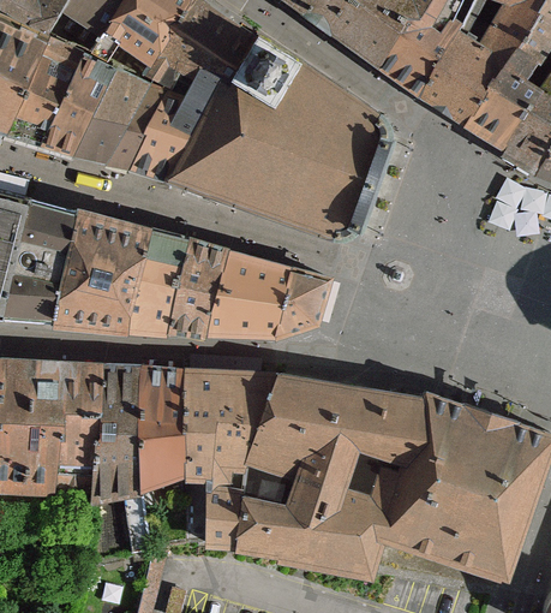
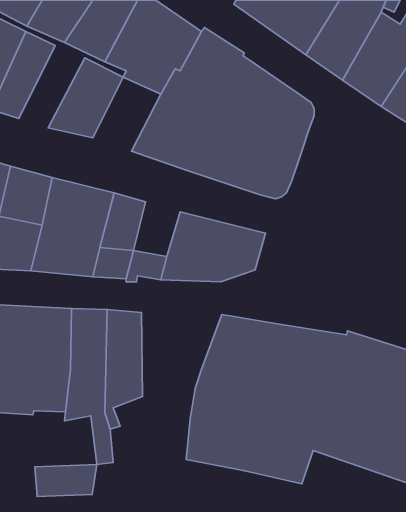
building: [38,55,116,153] -> none
building: [126,93,206,180] -> none
building: [174,240,229,305] -> none
building: [184,371,279,546] -> none
building: none -> [35,465,97,496]

